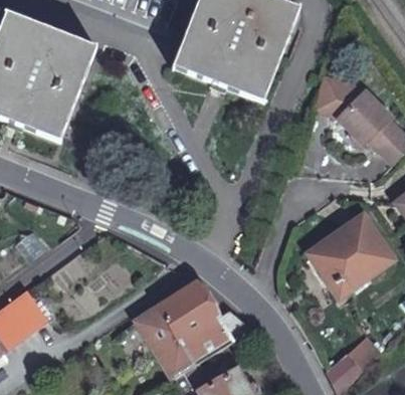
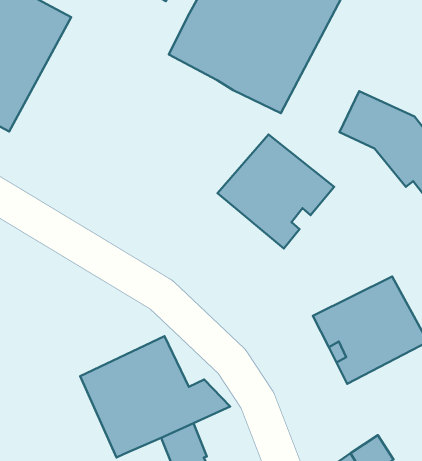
building: none -> [217,134,334,248]

